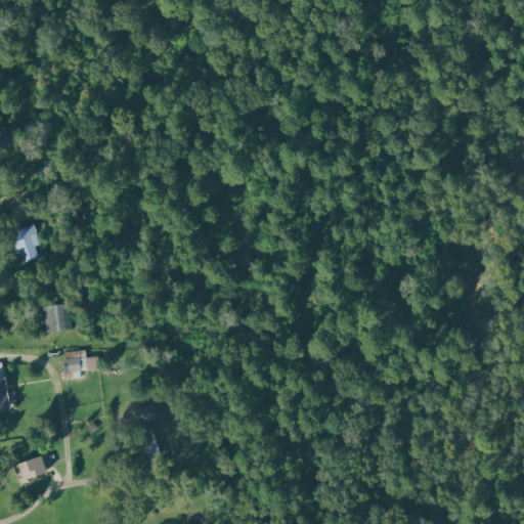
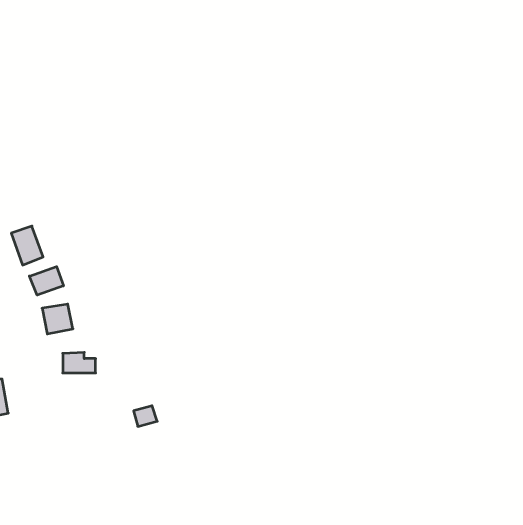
building: none -> [29,267,63,295]
building: [11,454,50,484] -> none

